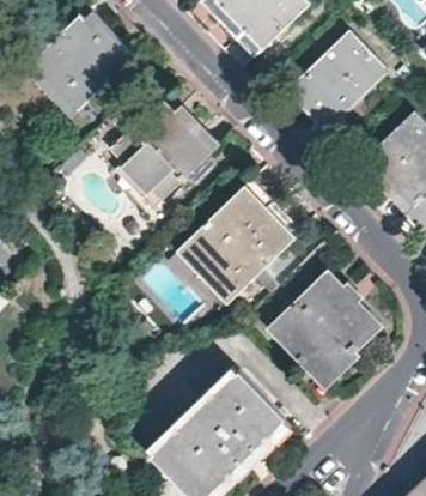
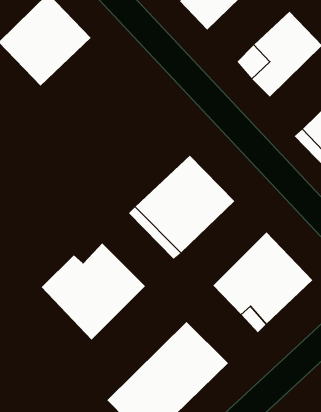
building: [110,99,212,201] -> none
building: none -> [41,242,146,340]

